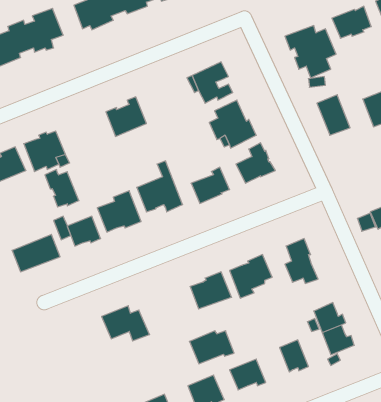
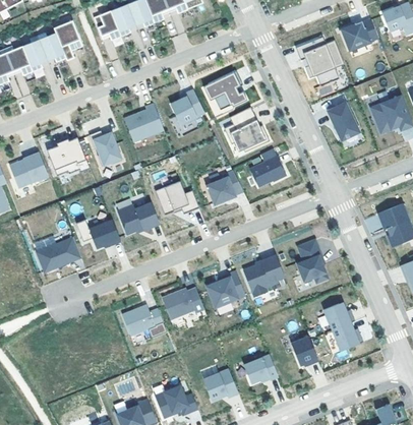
building: none -> [171,90,205,126]
building: [45,170,79,207] -> [90,130,122,166]
building: [189,331,234,364] -> [161,288,203,319]

